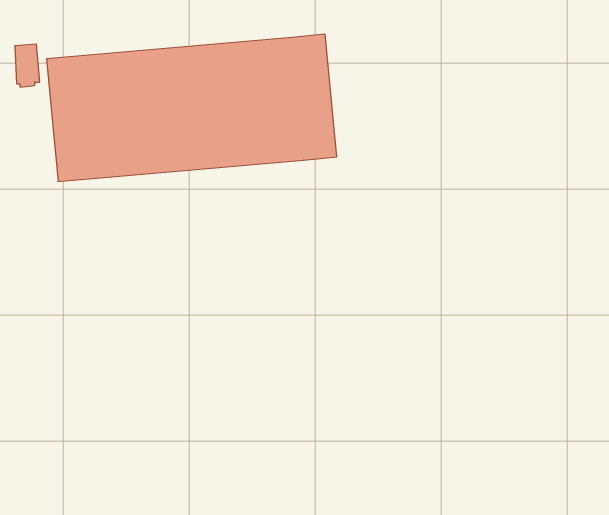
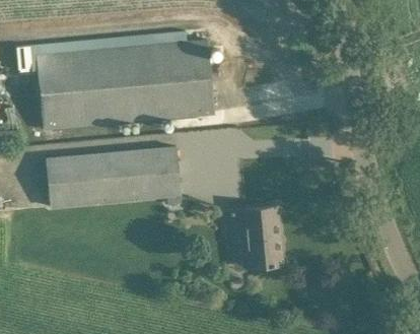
building: none -> [47,145,181,206]
building: none -> [231,205,284,268]

